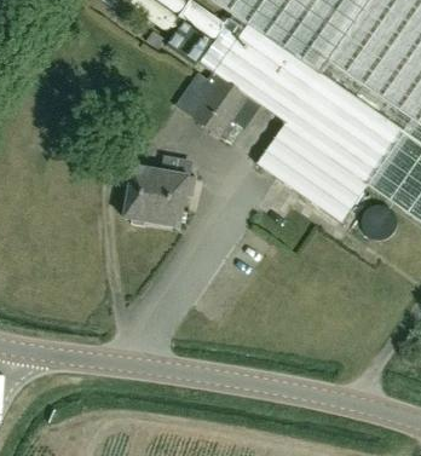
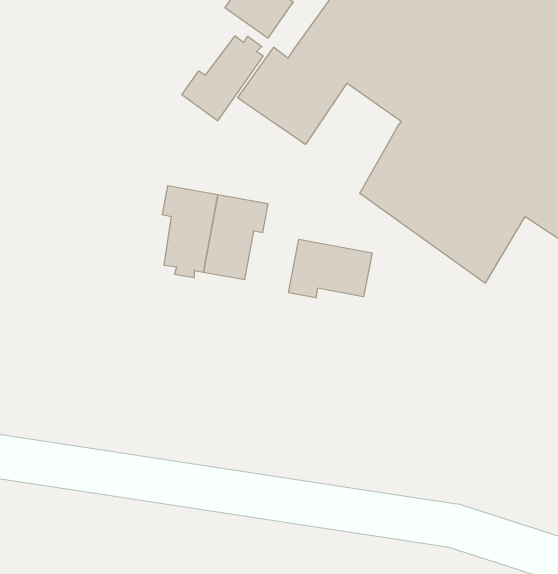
building: none -> [182,36,263,121]
building: none -> [289,239,372,298]

